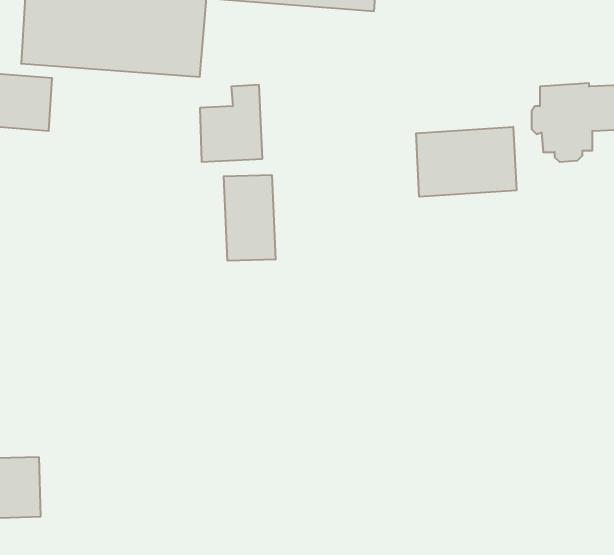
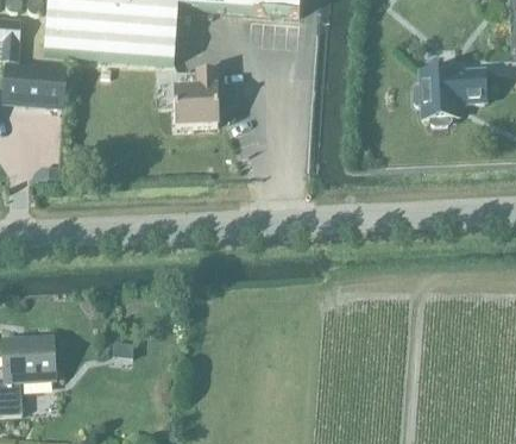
building: [416,127,516,197] -> none
building: [224,175,276,261] -> none

